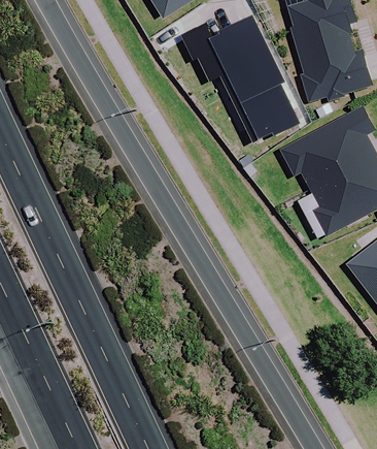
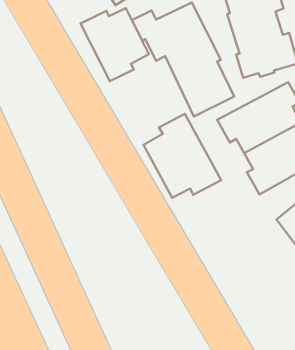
building: none -> [80,8,149,81]
building: none -> [143,114,221,198]

